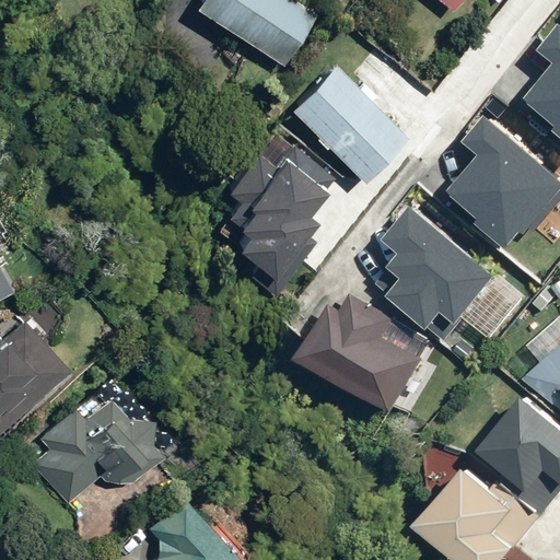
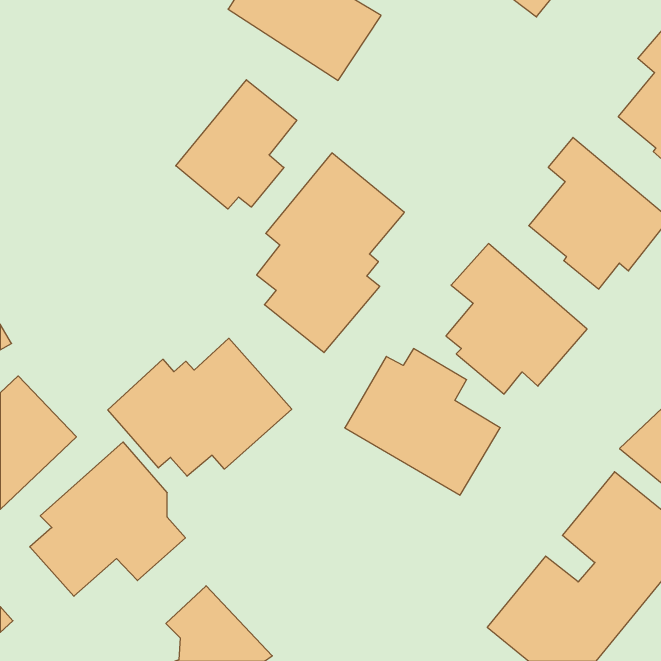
building: none -> [176,80,297,209]
building: [292,68,413,189] -> none
building: none -> [108,338,292,476]

